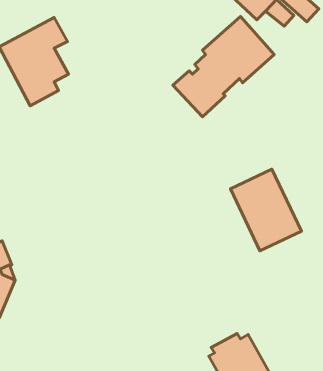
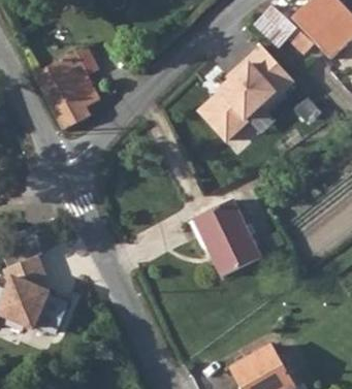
building: [231,169,301,251] -> [193,199,260,277]

